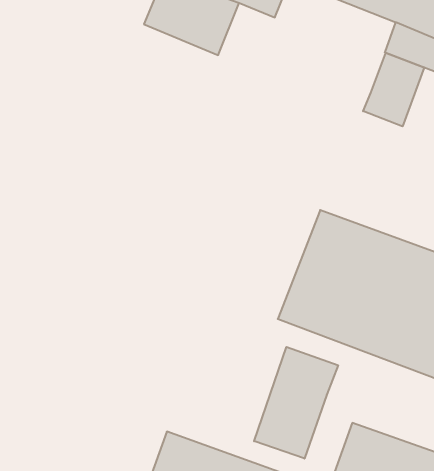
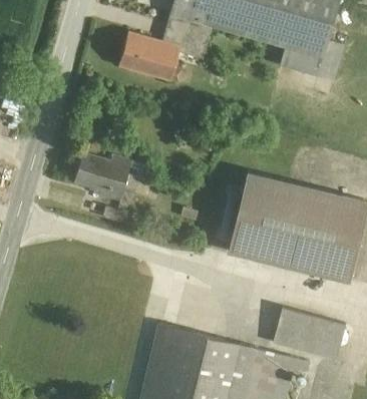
building: [363,53,424,126] -> none
building: none -> [75,153,129,197]
building: [254,347,338,459] -> none

